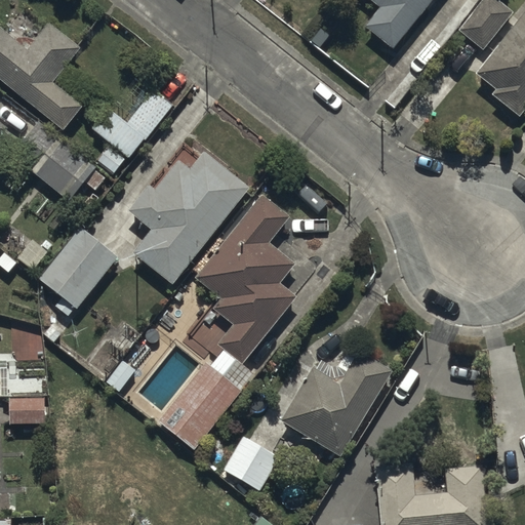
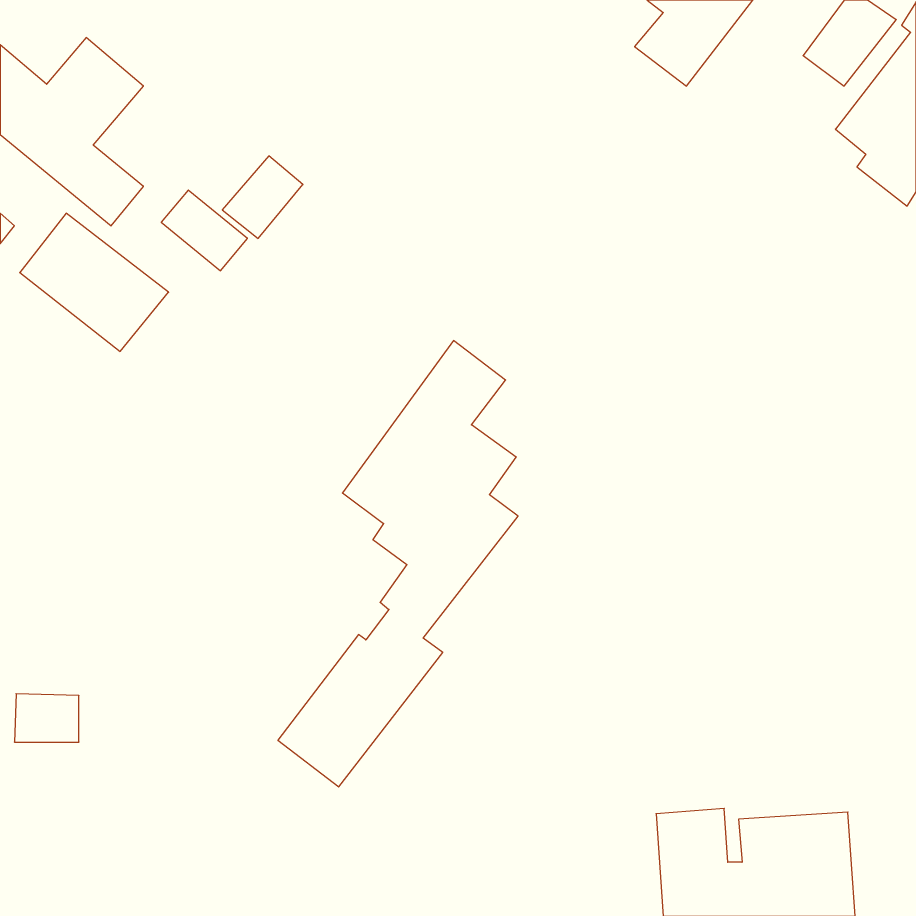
building: [128,152,250,285] -> none
building: [37,226,120,316] -> none
building: [279,352,392,456] -> none
building: [223,436,279,491] -> none

